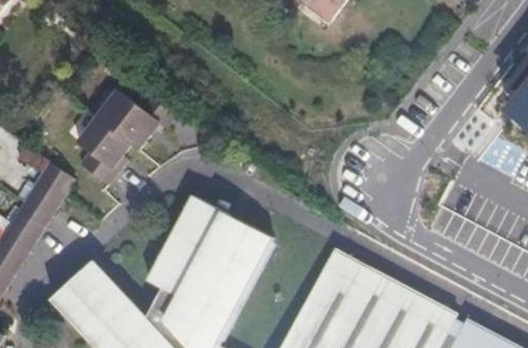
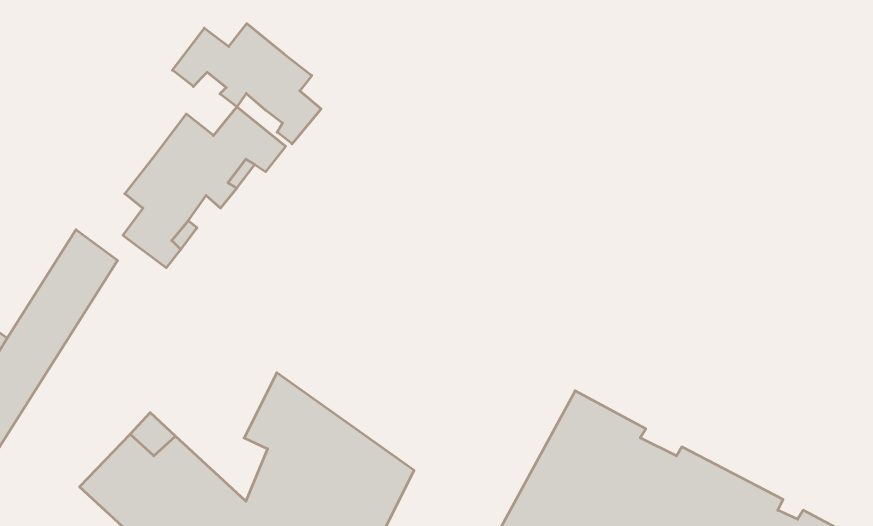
building: none -> [172,24,321,144]
building: [164,196,274,300] -> none

